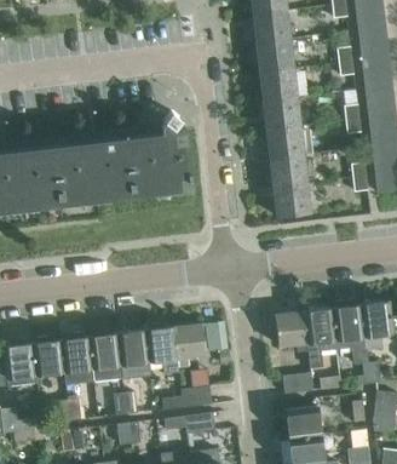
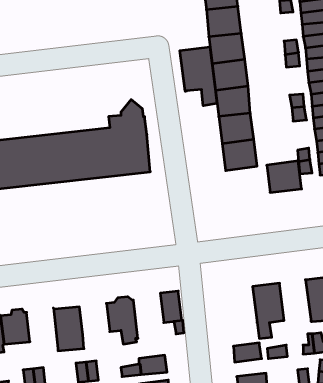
building: none -> [180,47,217,106]
building: [274,182,311,216] -> [267,161,302,192]
building: [332,300,368,361] -> none
building: [275,311,307,351] -> none
building: [174,322,206,367] -> none
building: [116,330,149,363] -> none
building: [59,332,93,382] -> none

